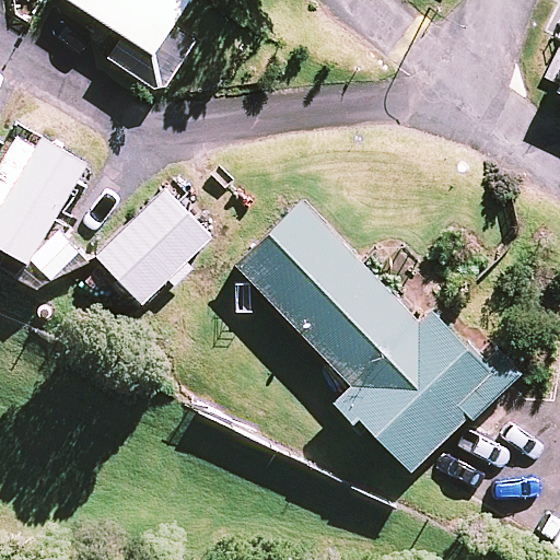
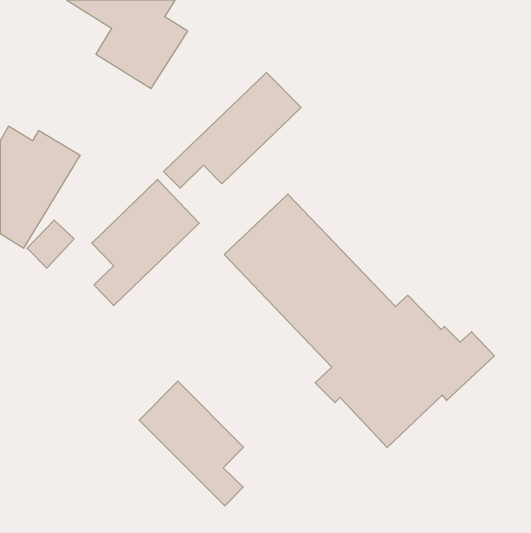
building: none -> [164,72,301,188]
building: none -> [139,381,244,506]

